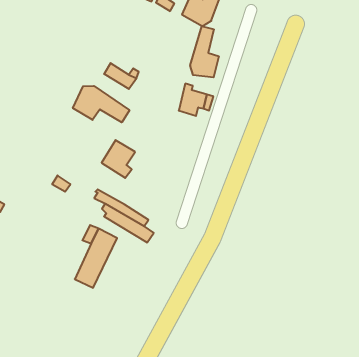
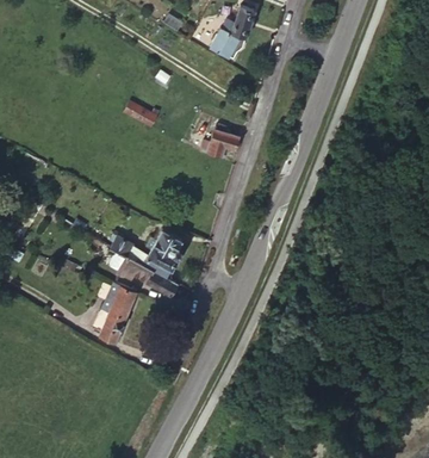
building: [190,26,219,77] -> none
building: [73,86,129,122] -> none
building: [102,140,135,178] -> [145,229,182,271]

